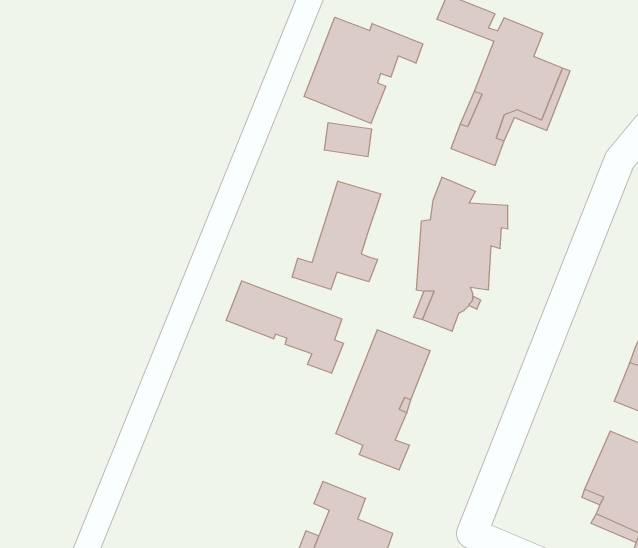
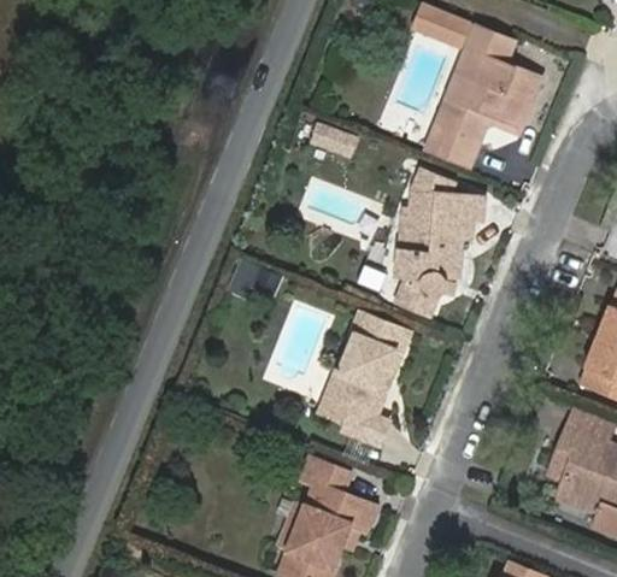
building: [304,17,423,124] -> none
building: [292,181,381,290] -> none
building: [226,281,343,373] -> none

